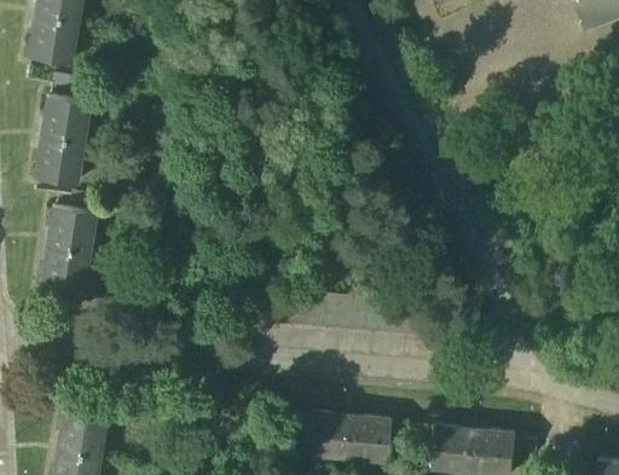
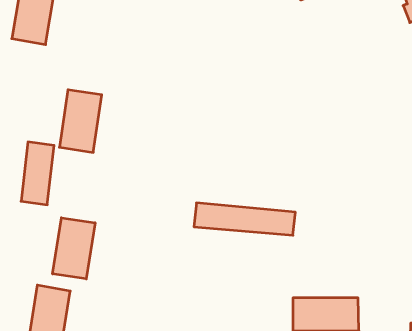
building: [31,95,92,185] -> [59,90,102,152]
building: none -> [53,218,95,279]
building: [302,412,392,459] -> none

